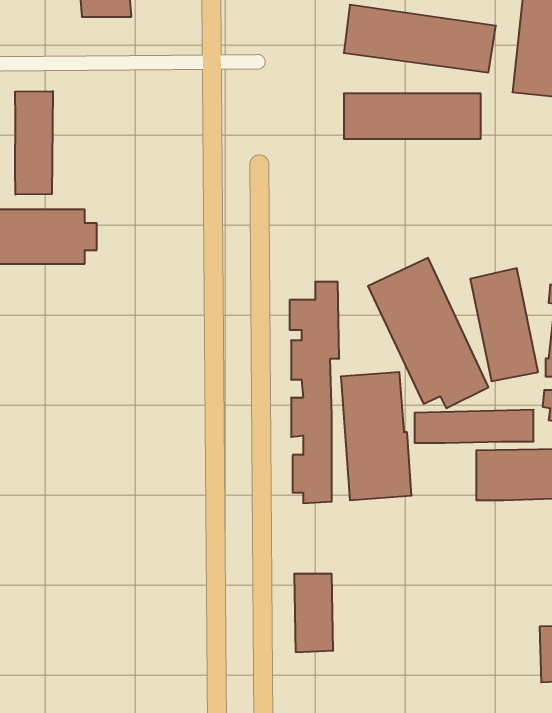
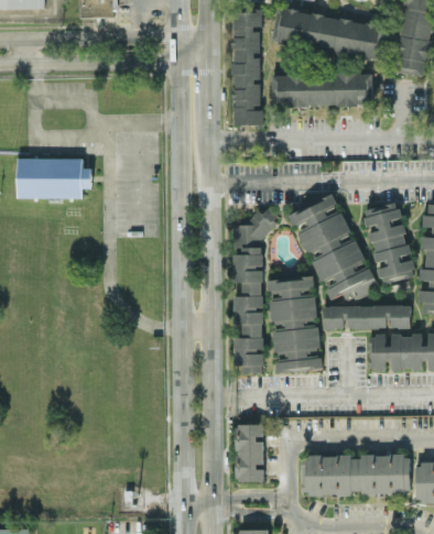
building: none -> [232,12,262,126]
building: [15,91,53,195] -> none
building: none -> [302,455,410,494]

